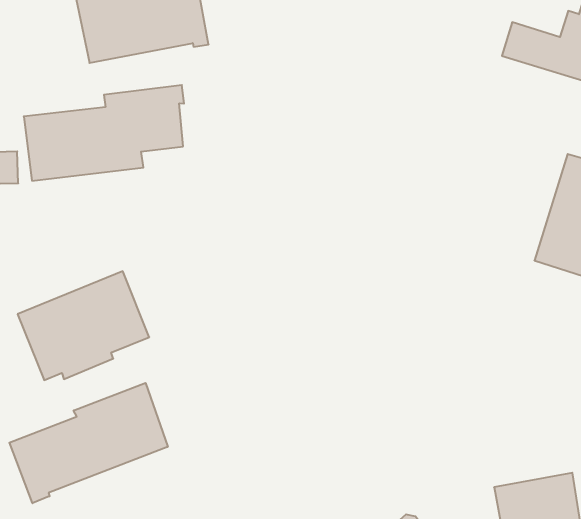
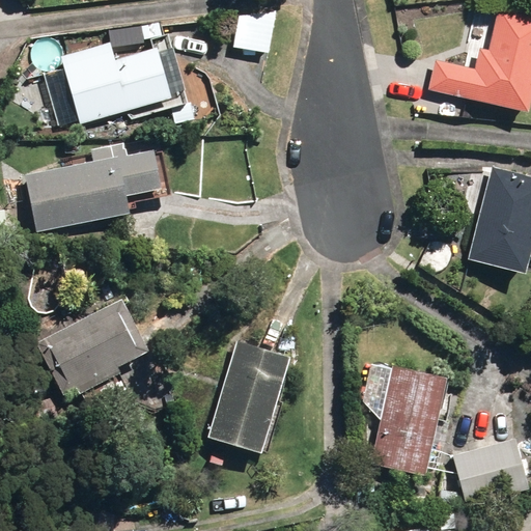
building: none -> [207,340,291,453]
building: none -> [371,365,448,476]
building: [9,383,168,503] -> none

